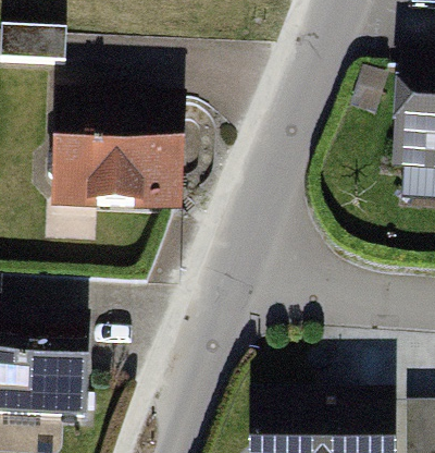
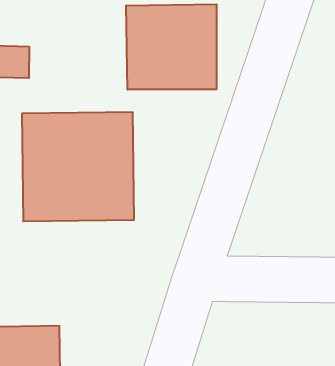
building: none -> [126,4,217,90]

